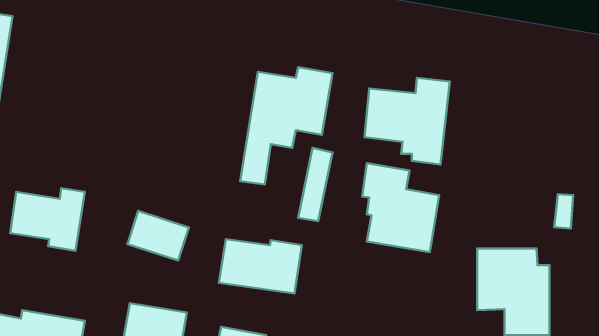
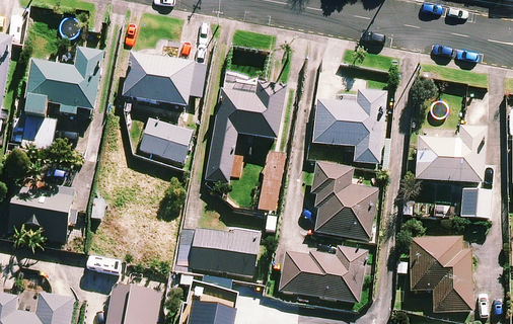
building: none -> [22,50,101,116]
building: none -> [125,54,193,106]
building: none -> [415,127,484,182]
building: [127,211,189,261] -> [138,118,191,161]
building: none -> [279,247,365,303]

